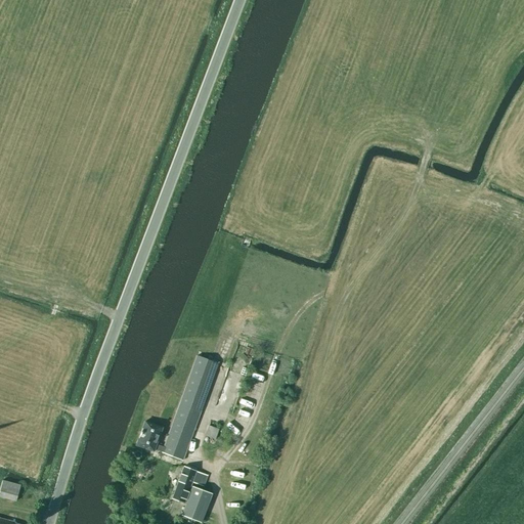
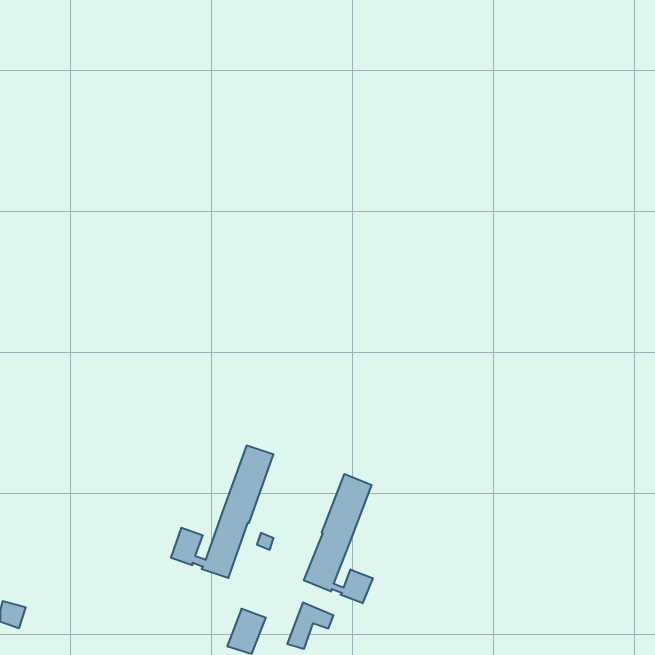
building: none -> [304,474,373,603]
building: [172,465,209,501] -> [287,603,334,649]

